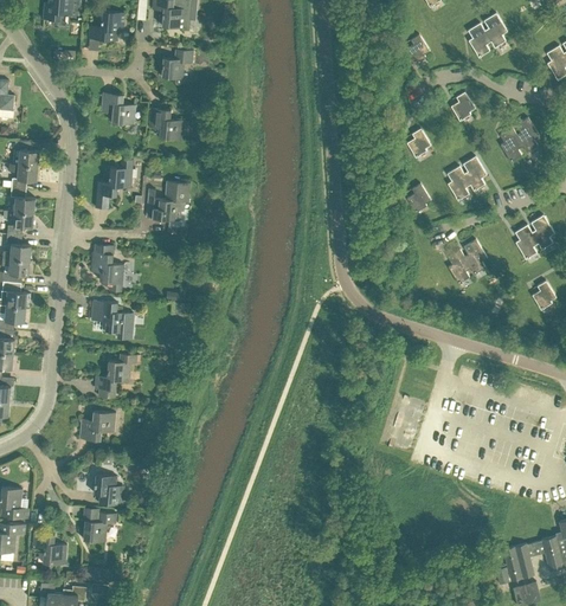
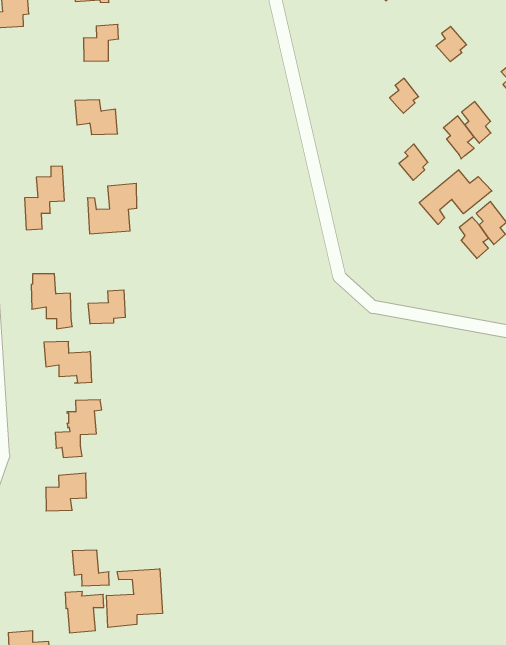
building: [102,92,135,124] -> none
building: none -> [419,170,492,224]
building: none -> [88,290,125,324]
building: none -> [107,569,162,627]

